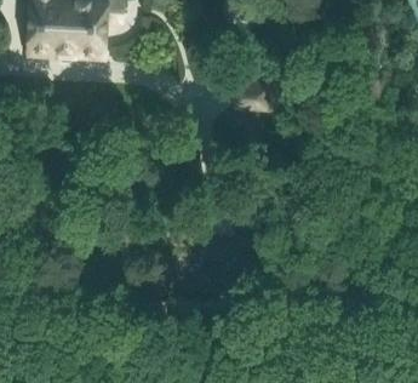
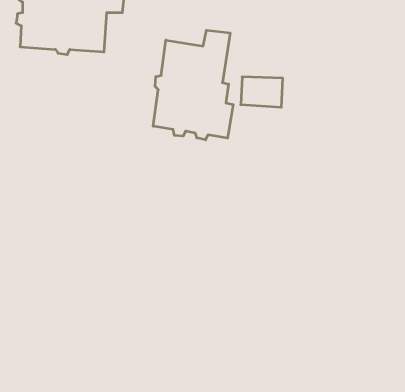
building: none -> [153,30,233,140]

